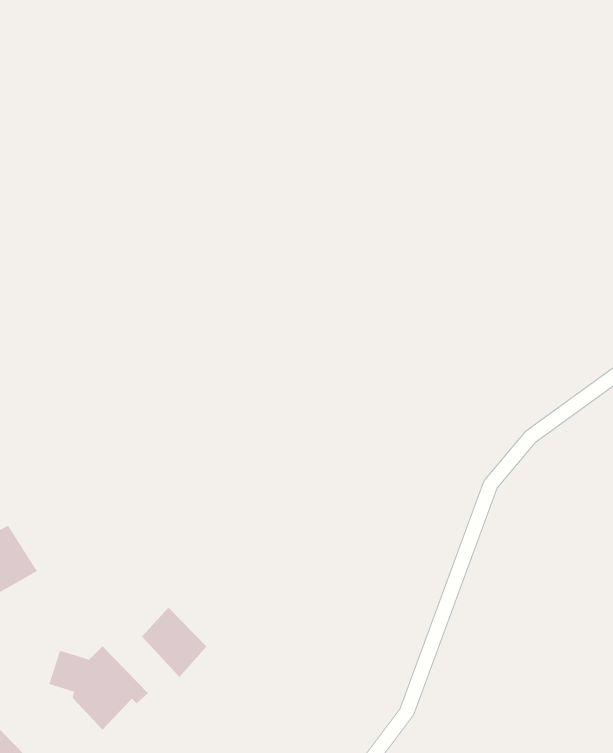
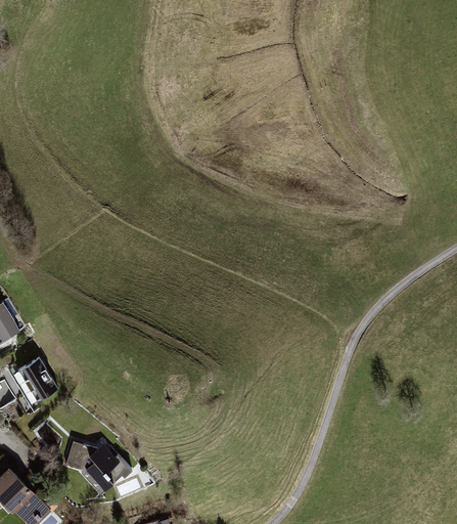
building: [141,607,207,678] -> none

